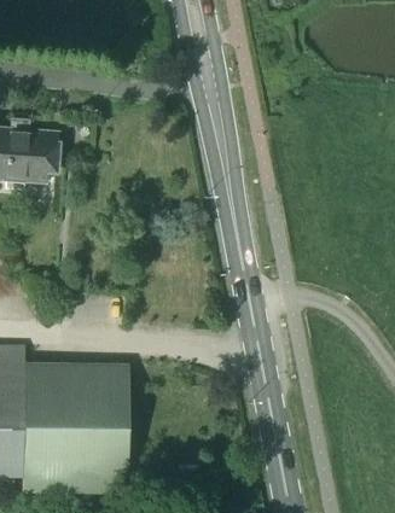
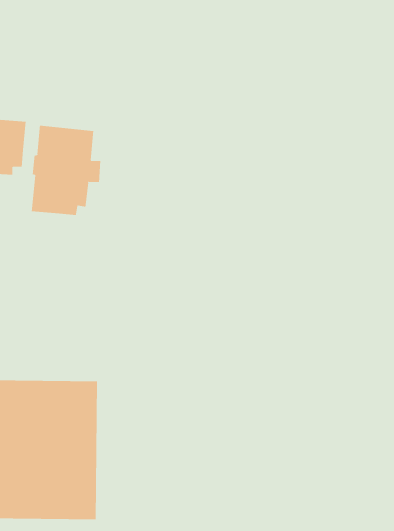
building: none -> [31,125,101,216]

